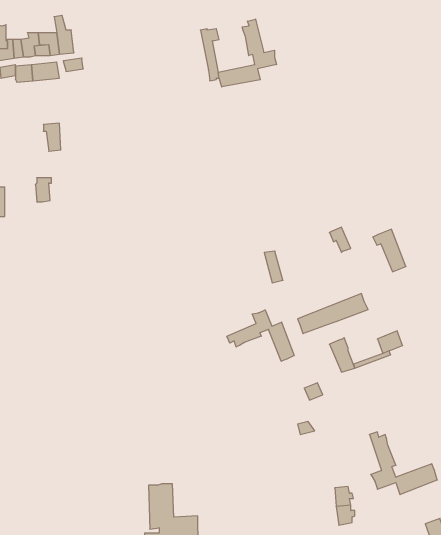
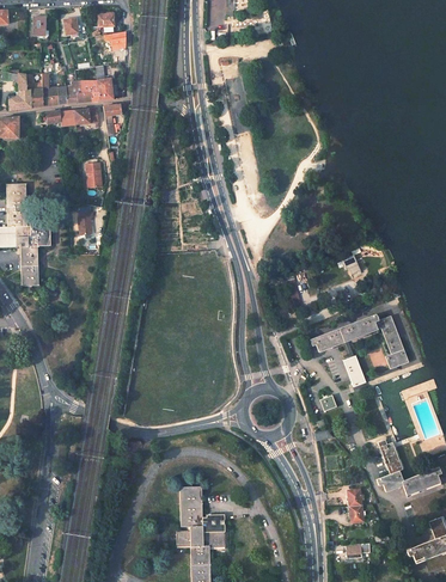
building: [218,19,276,87] -> none
building: [373,229,406,272] -> [373,315,403,354]
building: [227,310,294,361] -> none

